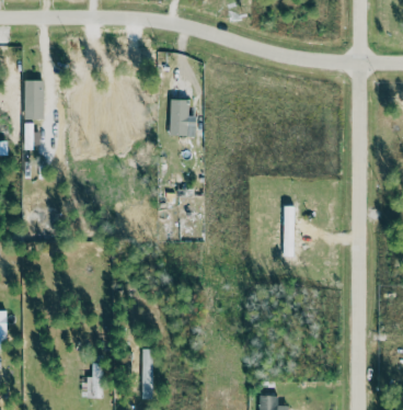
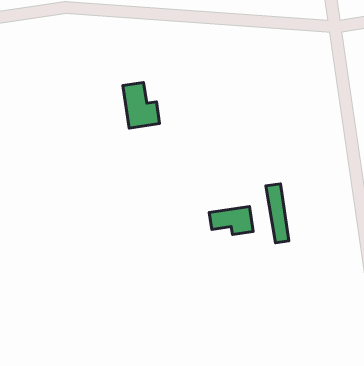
building: none -> [209,207,253,235]

